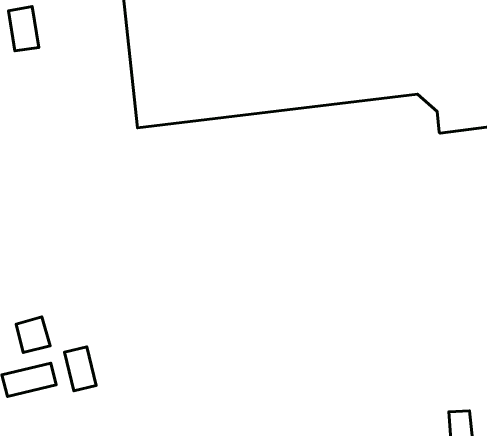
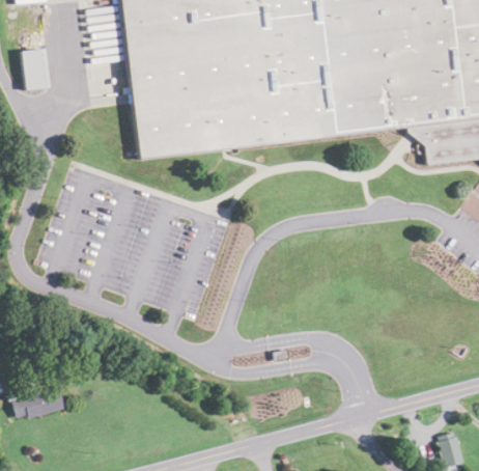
building: [16,317,50,352] -> none
building: [64,347,96,391] -> none

